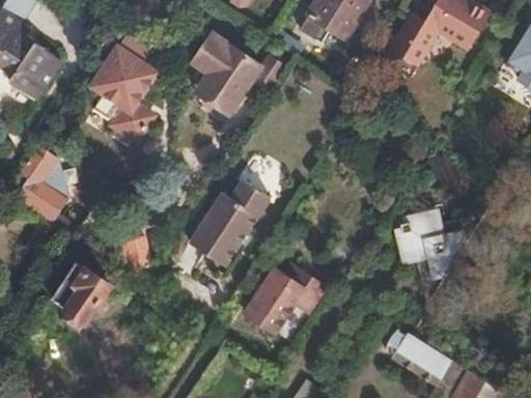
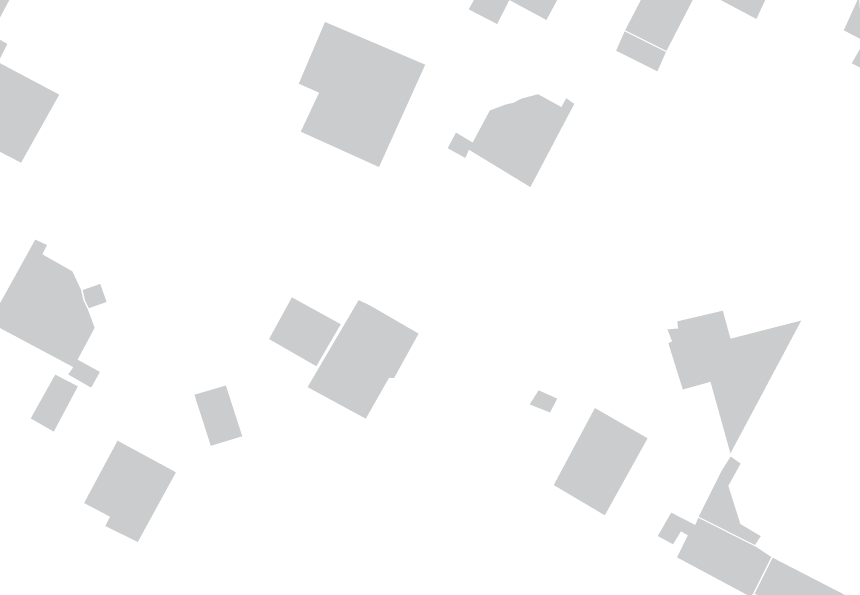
building: [90,33,156,141] -> none
building: none -> [447,93,575,188]
building: [230,173,274,216] -> [268,296,342,367]
building: [245,269,303,334] -> [553,407,649,516]

